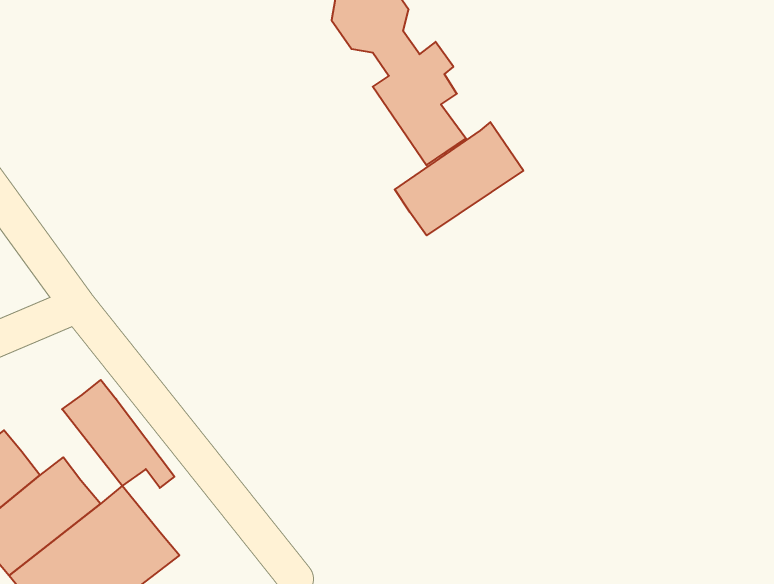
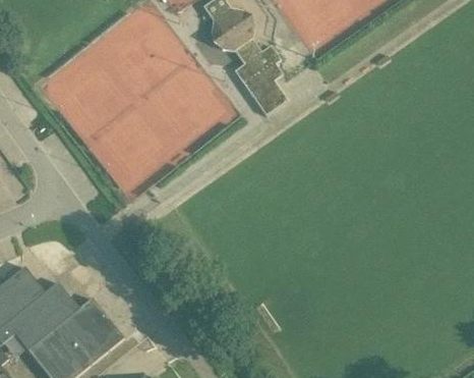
building: [395,122,523,235] -> none
building: [62,380,174,488] -> none

